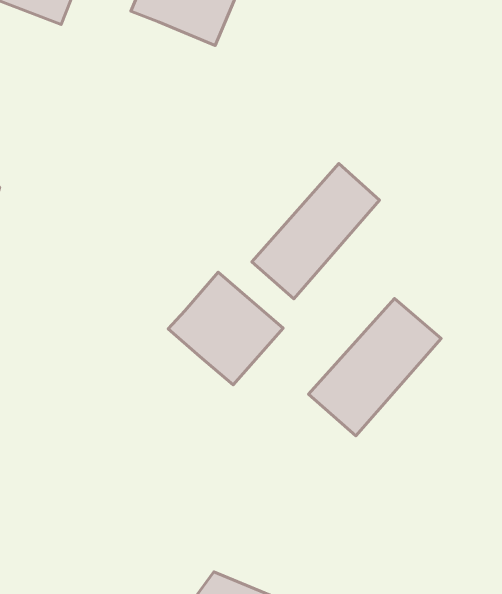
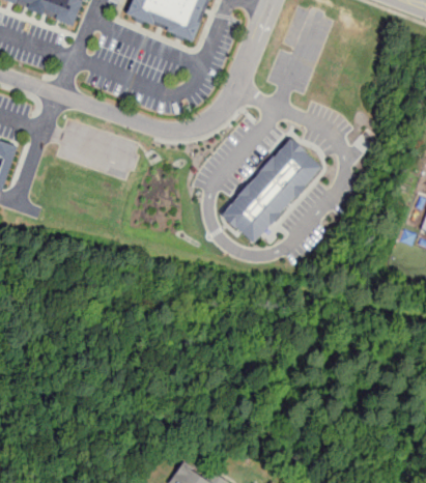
building: [168,272,283,385] -> none
building: [309,298,441,436] -> none

